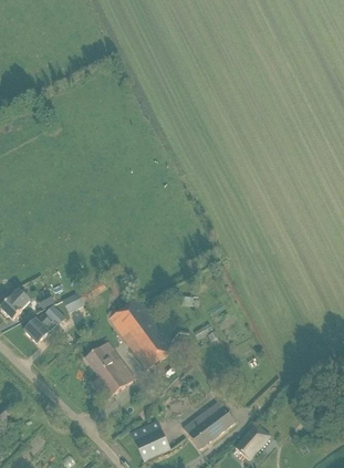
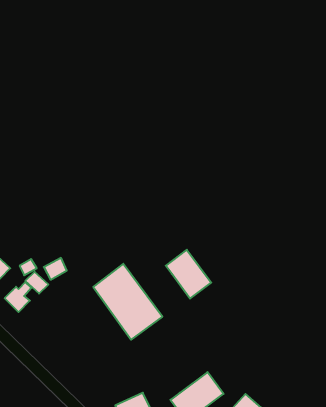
building: none -> [166,250,211,299]
building: [84,341,133,401] -> none

